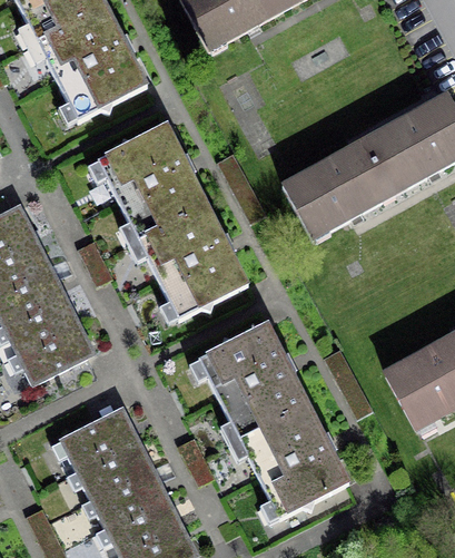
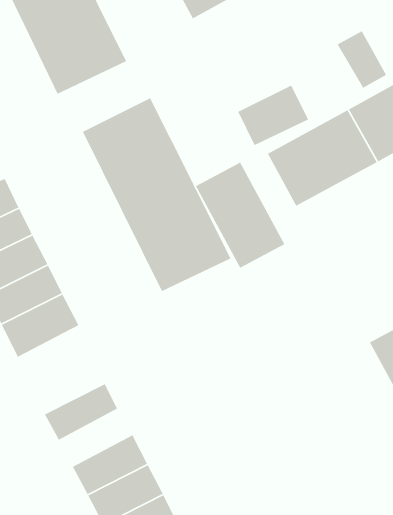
building: none -> [336,30,387,89]
building: none -> [237,84,309,146]
building: none -> [195,162,285,269]
building: [195,324,348,519] -> none
building: [75,437,149,495] -> none

